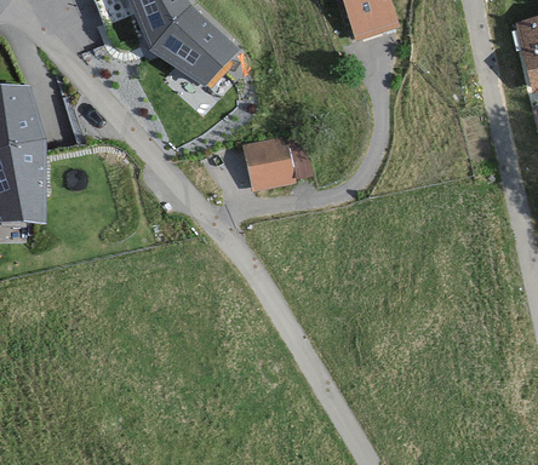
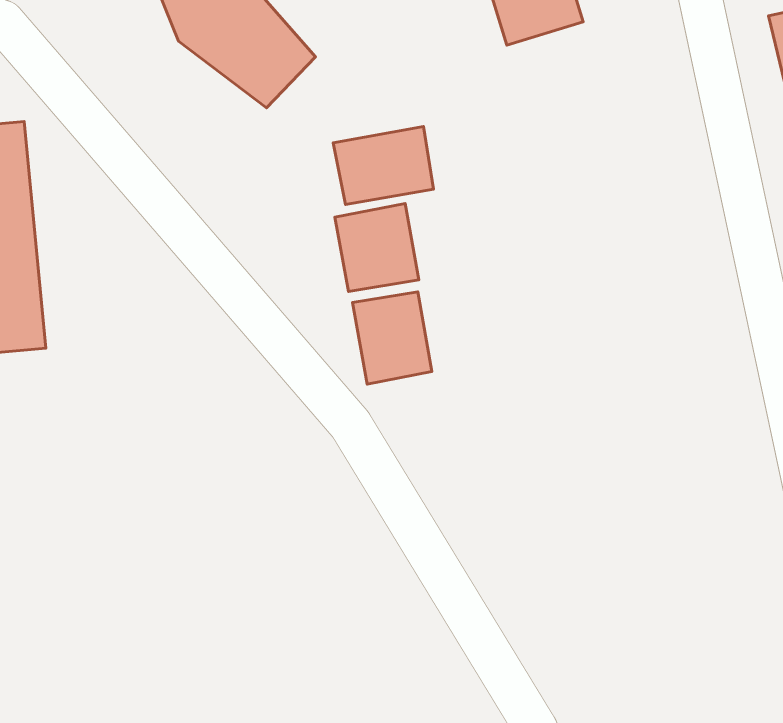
building: none -> [333,127,433,205]
building: none -> [352,292,432,384]

